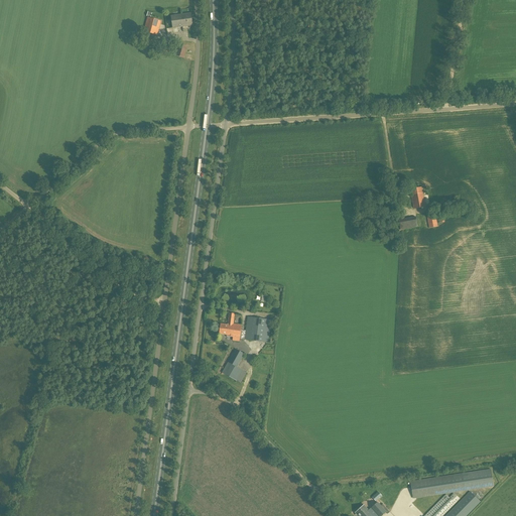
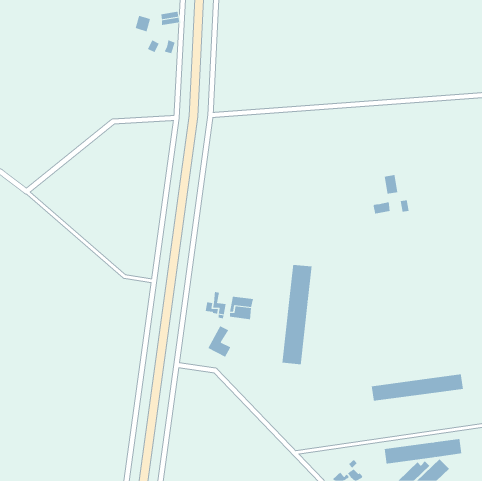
building: none -> [282,264,312,365]
building: none -> [371,374,464,402]

